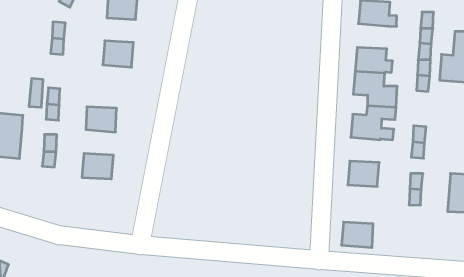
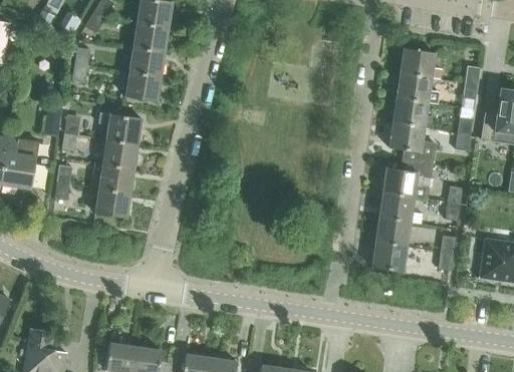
building: none -> [131,47,165,75]
building: none -> [397,73,439,104]
building: none -> [98,104,142,143]
building: none -> [93,162,135,193]
building: none -> [379,193,414,222]
building: [341,222,373,248] -> [371,243,407,272]

